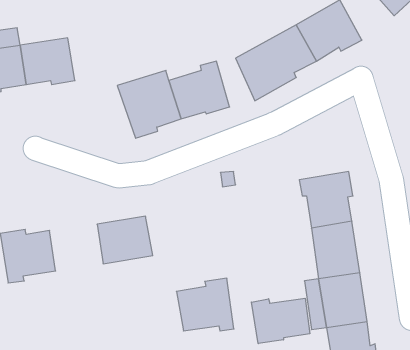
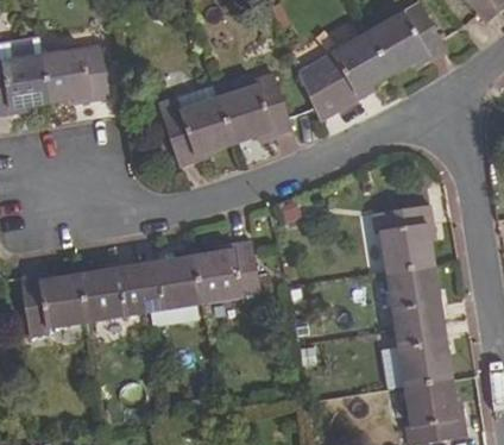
building: none -> [78,267,141,321]
building: [176,278,234,331] -> [191,242,259,303]
building: [251,298,310,344] -> none

